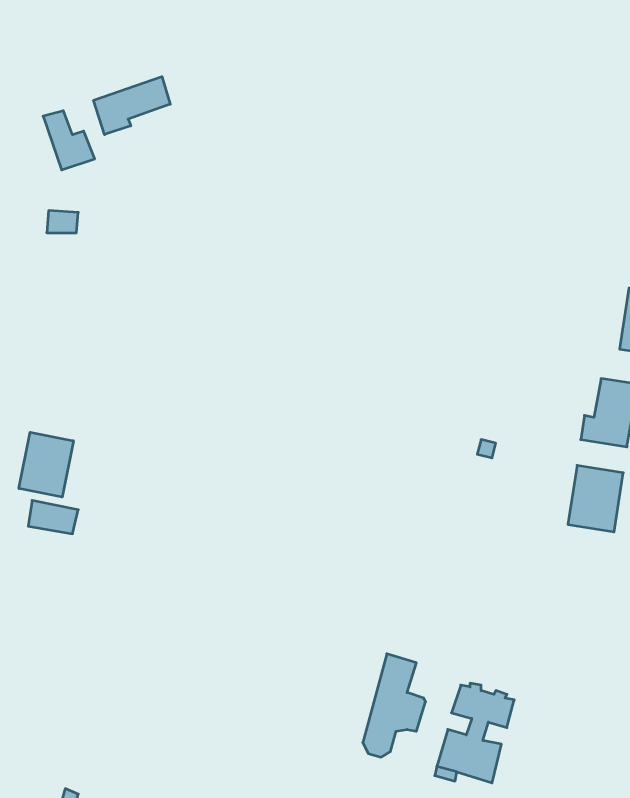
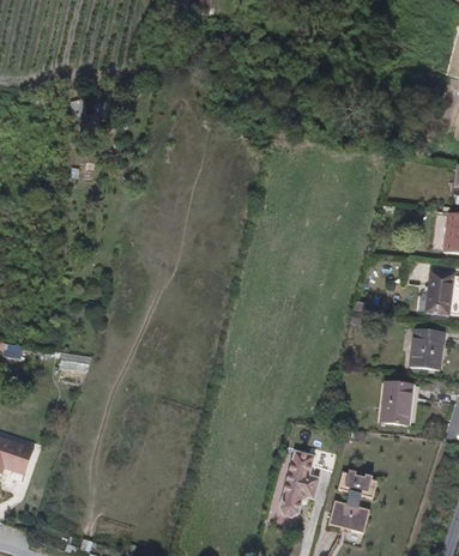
building: [94,77,170,135] -> none
building: [19,432,73,497] -> none
building: none -> [381,381,417,425]

